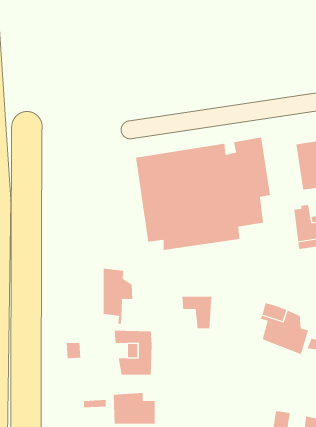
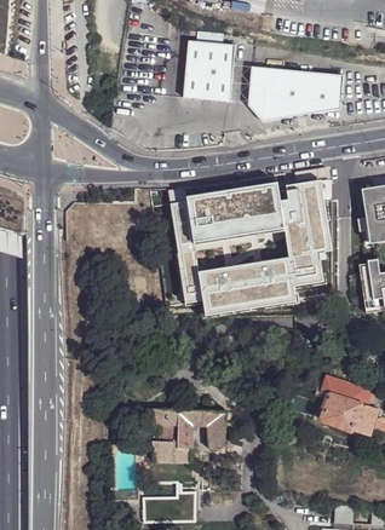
building: none -> [183,40,235,102]
building: none -> [251,65,344,121]
building: [103,268,133,324] -> none
building: [182,296,212,329] -> [189,408,225,447]

